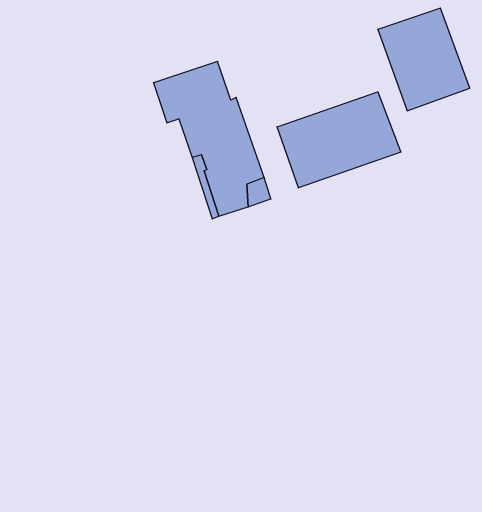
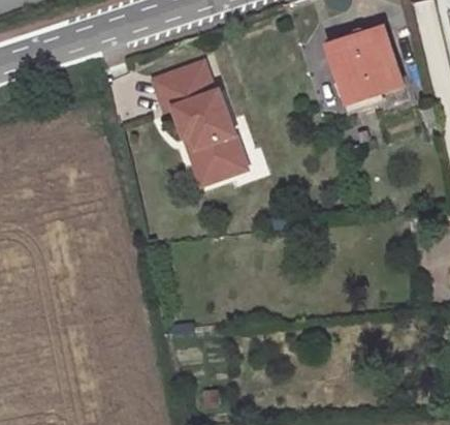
building: [277,92,401,188] -> none

